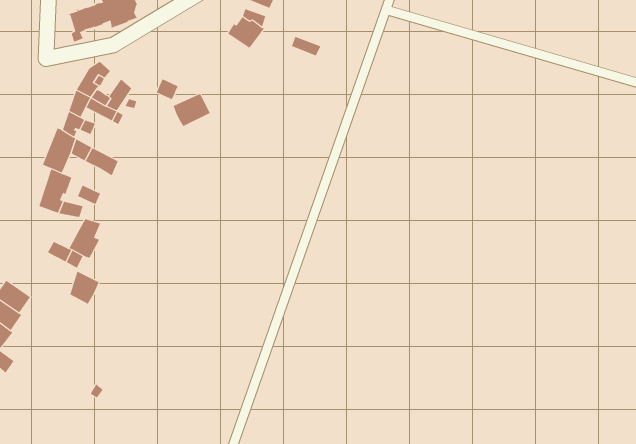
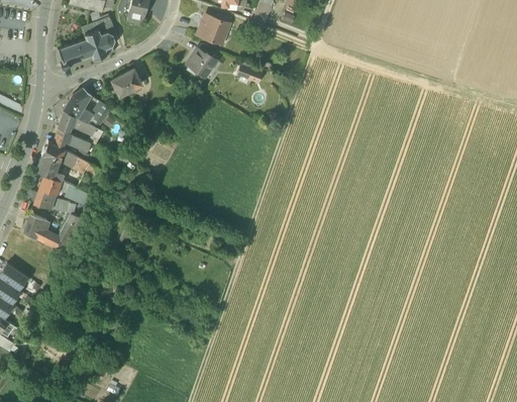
building: [173,93,210,127] -> [111,69,141,96]
building: [69,271,99,305] -> [25,213,49,240]

